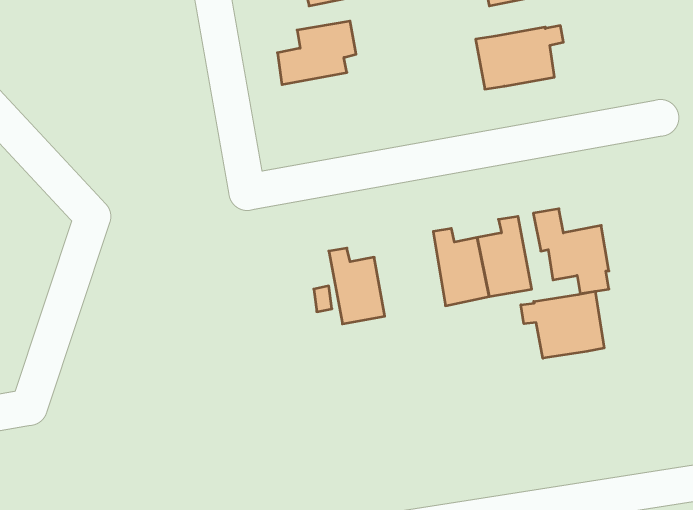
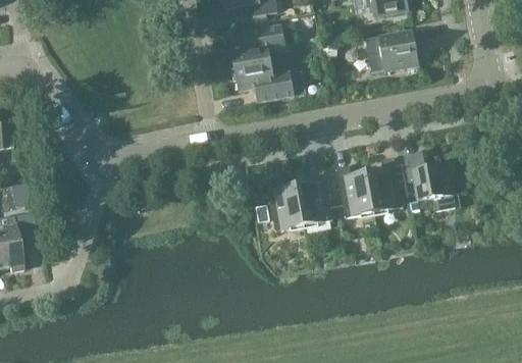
building: none -> [236,60,295,101]
building: none -> [298,170,333,224]
building: [521,291,604,358] -> none

